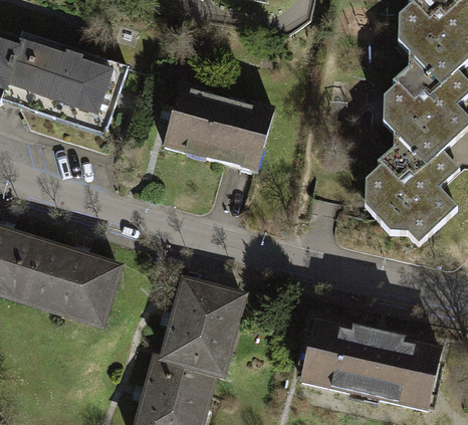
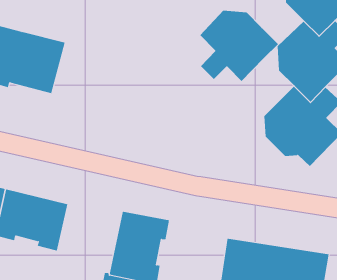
building: none -> [199,10,279,82]
building: [160,85,270,173] -> none

